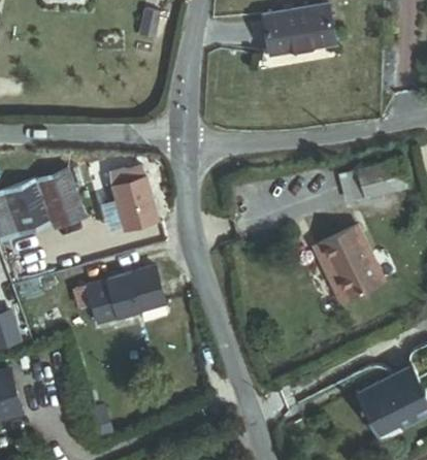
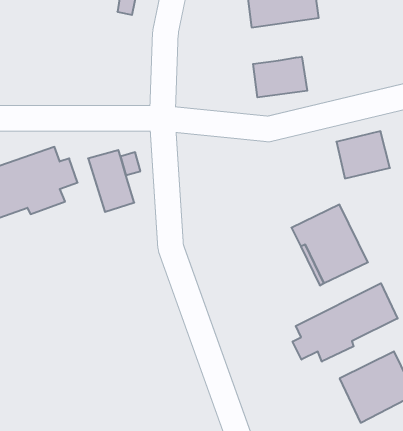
building: none -> [253,57,307,97]
building: [69,266,162,325] -> none
building: none -> [293,283,398,362]

